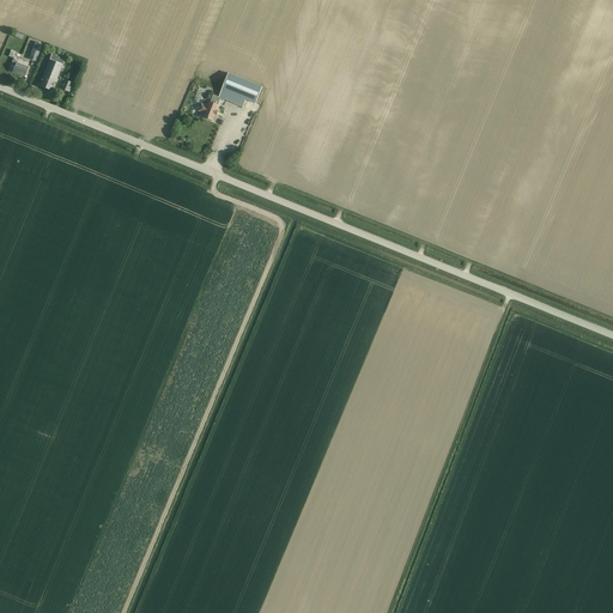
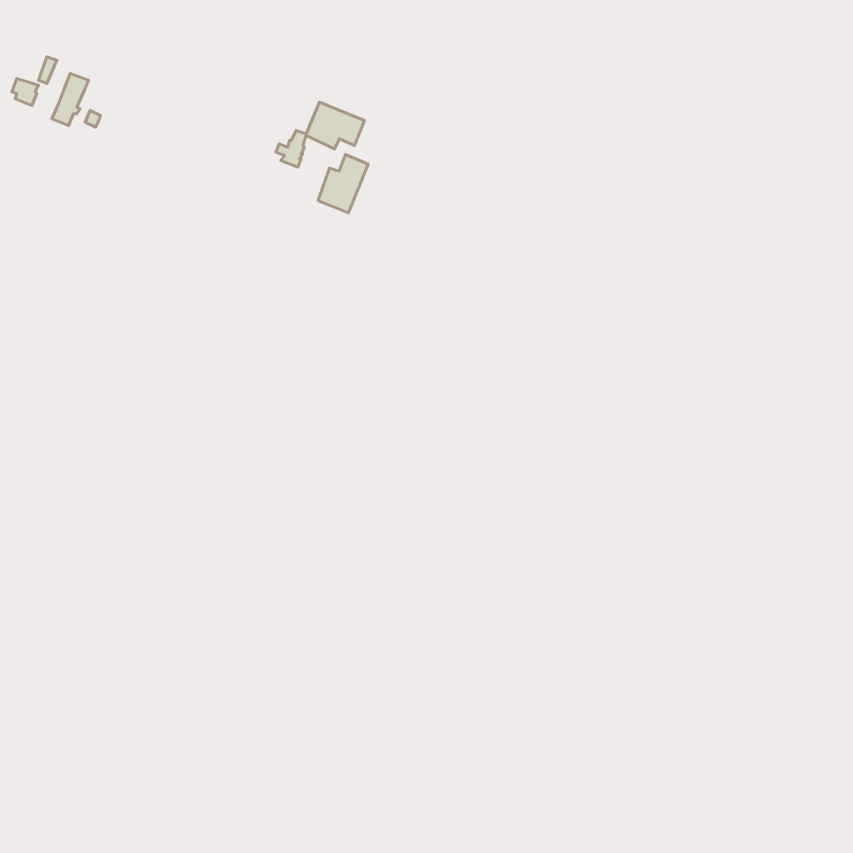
building: none -> [318,155,368,213]

